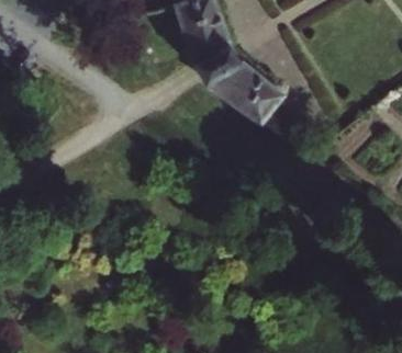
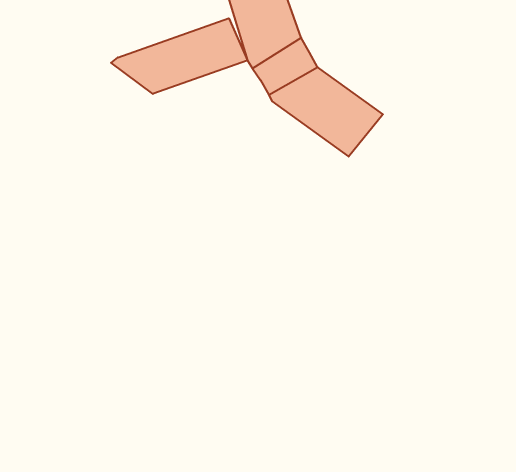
building: none -> [111,18,247,94]

